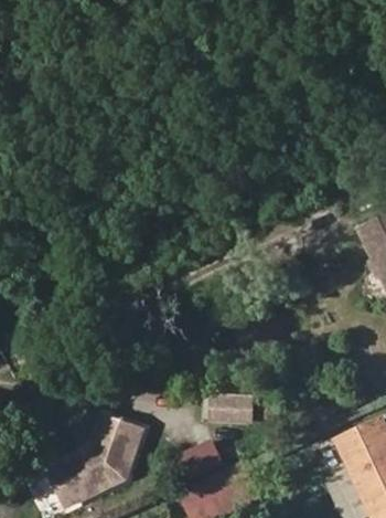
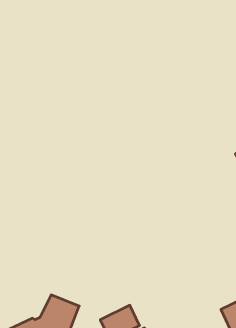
building: [212,393,258,425] -> none

